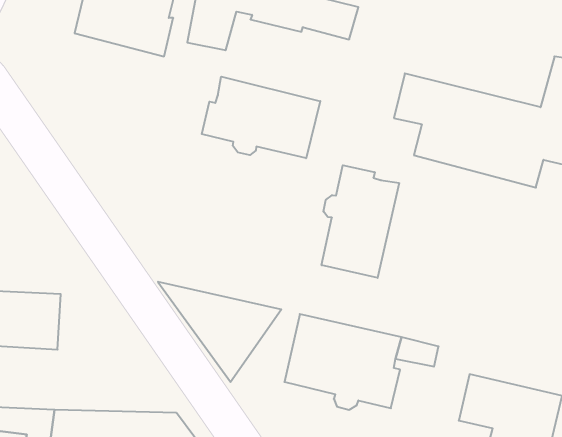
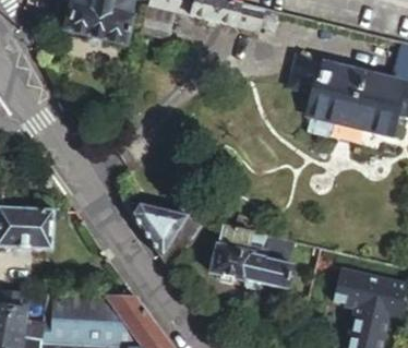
building: [202,77,320,158] -> none
building: [322,165,399,278] -> none

